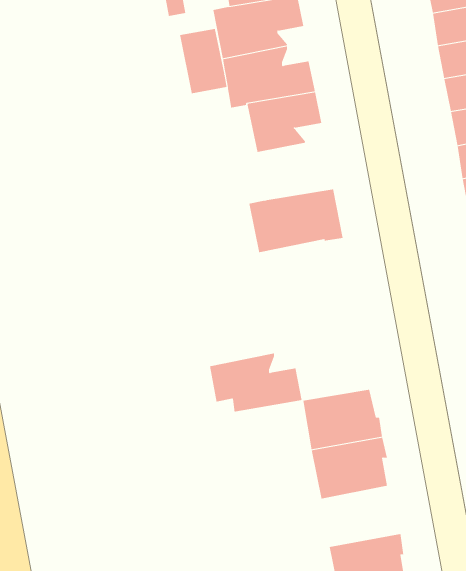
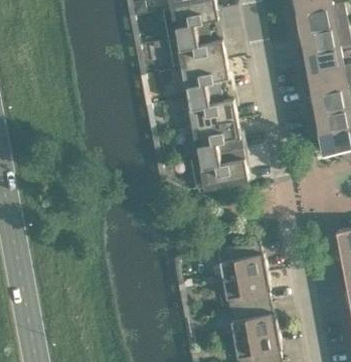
building: [180,28,227,94] -> none
building: none -> [189,91,236,126]
building: [209,353,303,412] -> [190,150,247,186]
building: none -> [228,301,278,338]

